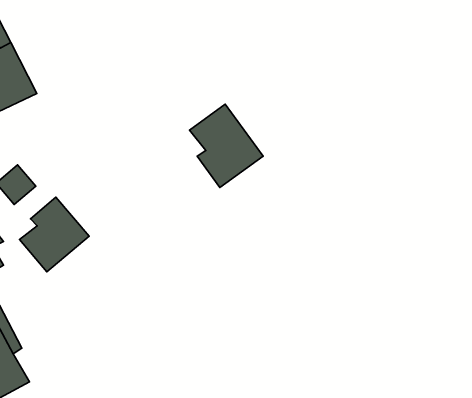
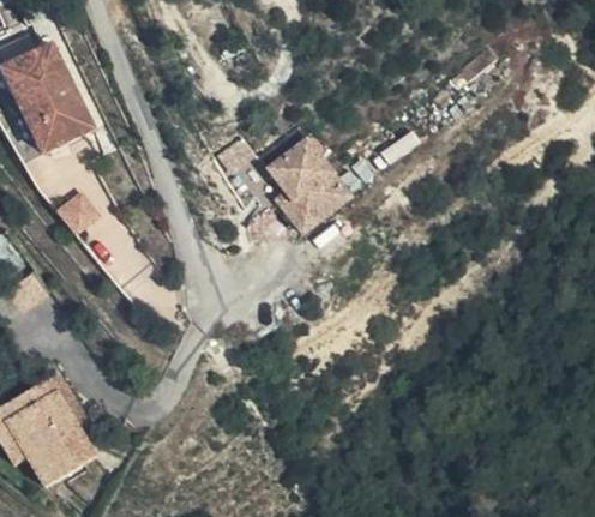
building: [19,197,89,272] -> none

